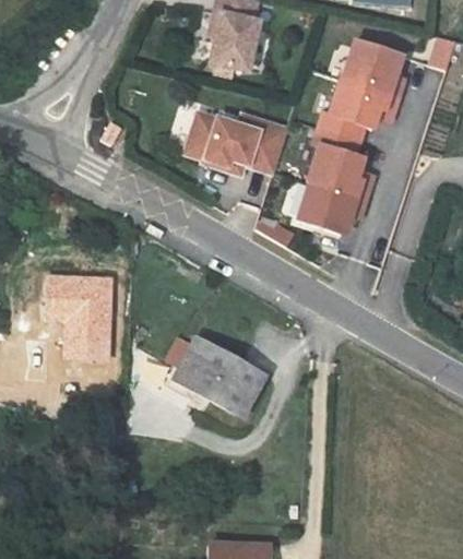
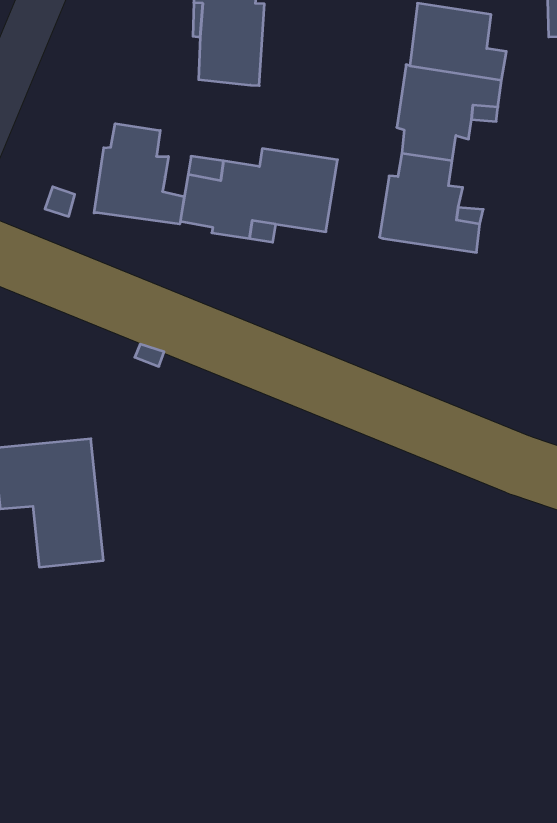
building: none -> [94,124,184,224]
building: [299,179,367,230] -> none
building: [175,341,263,418] -> none

